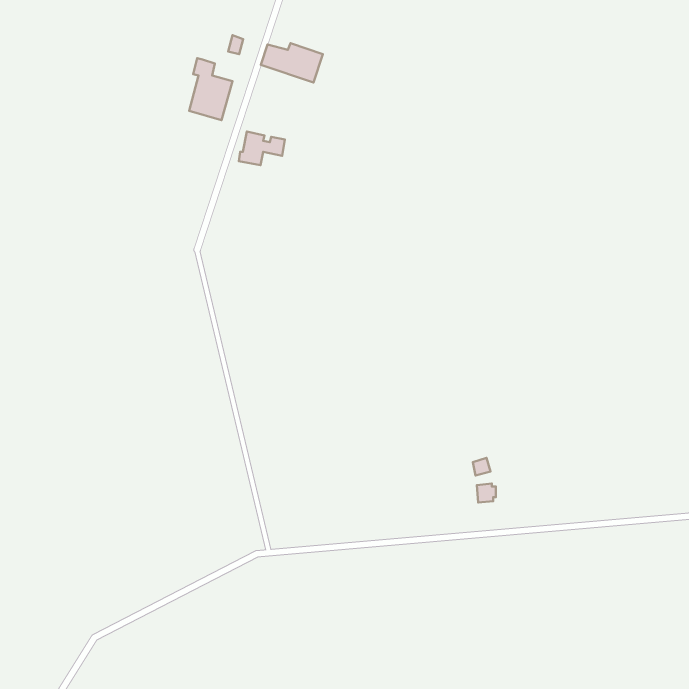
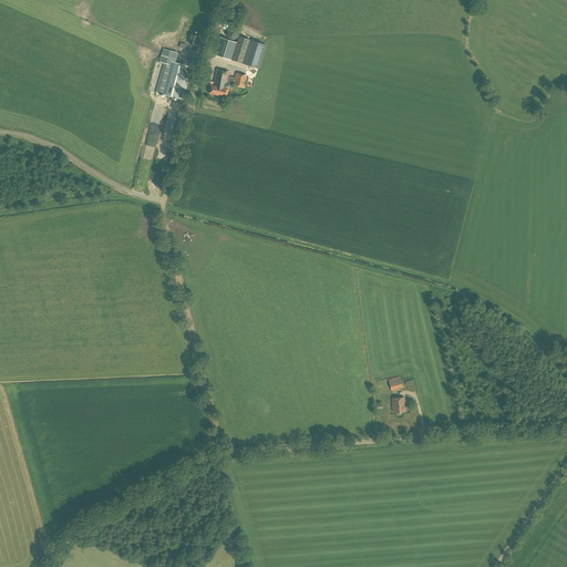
building: [239,131,285,165] -> [208,68,246,95]

